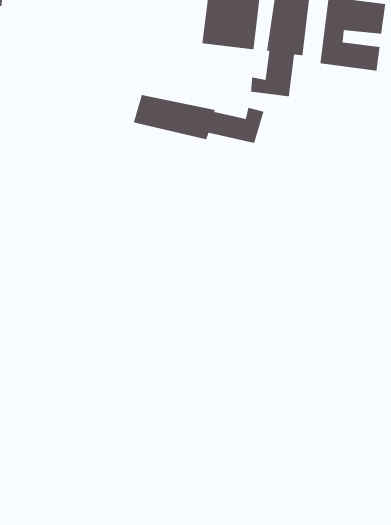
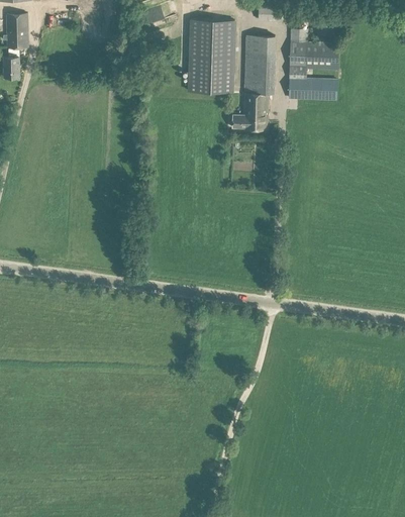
building: [133,94,265,144] -> none

